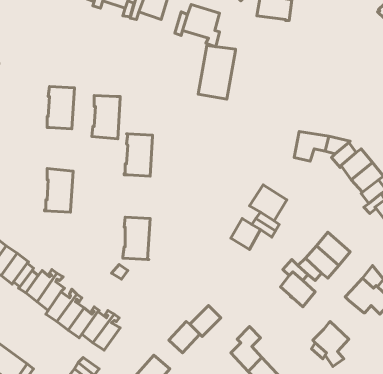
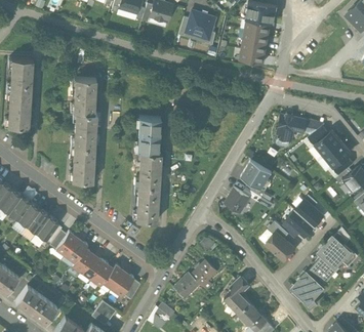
building: [198,46,235,99] -> [239,20,270,65]
building: [92,95,120,139] -> [73,113,96,149]
building: none -> [137,152,161,188]
building: none -> [307,255,338,287]

